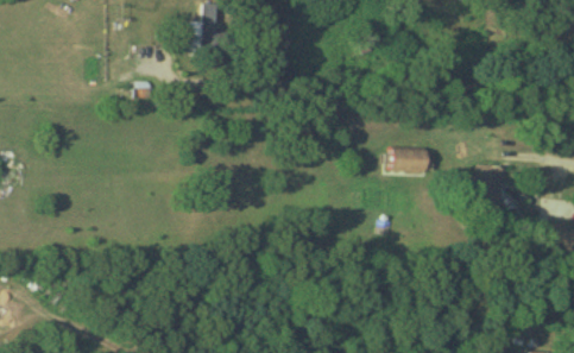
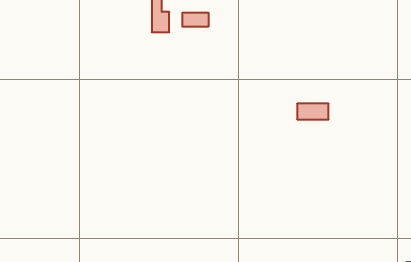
building: none -> [182,13,208,27]

